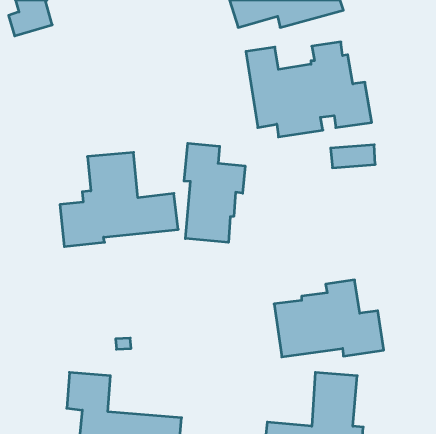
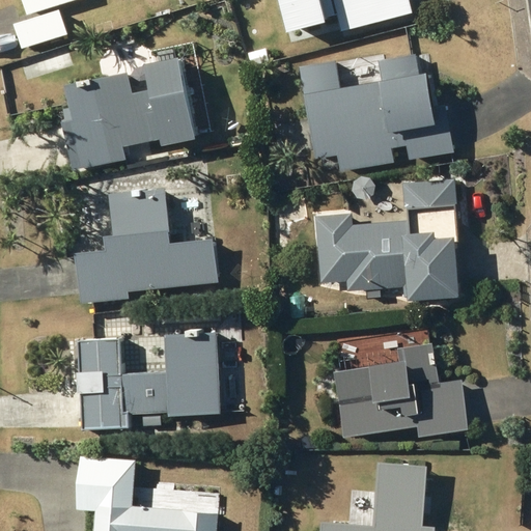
building: none -> [61,55,193,170]
building: [184,143,245,242] -> none
building: none -> [316,215,456,298]
building: none -> [75,332,219,429]

